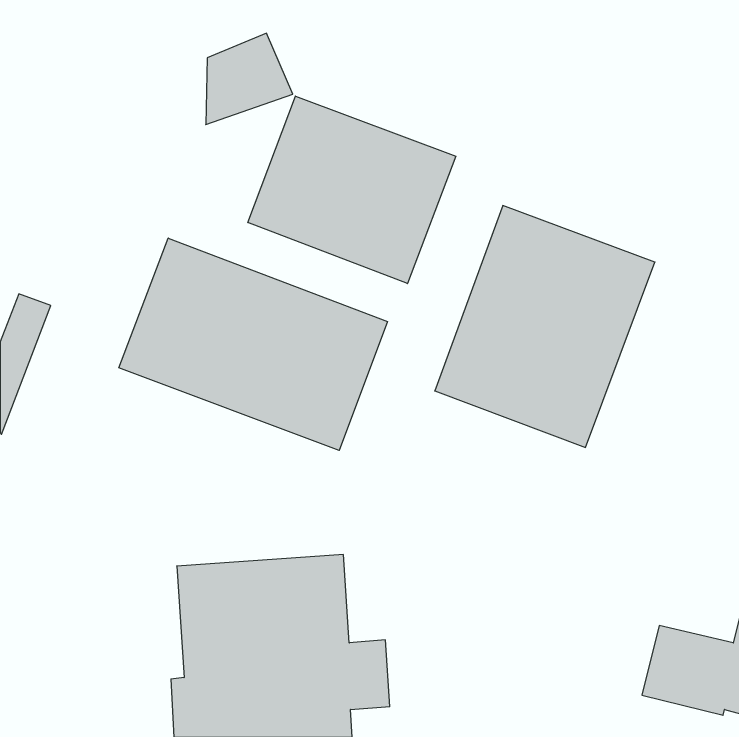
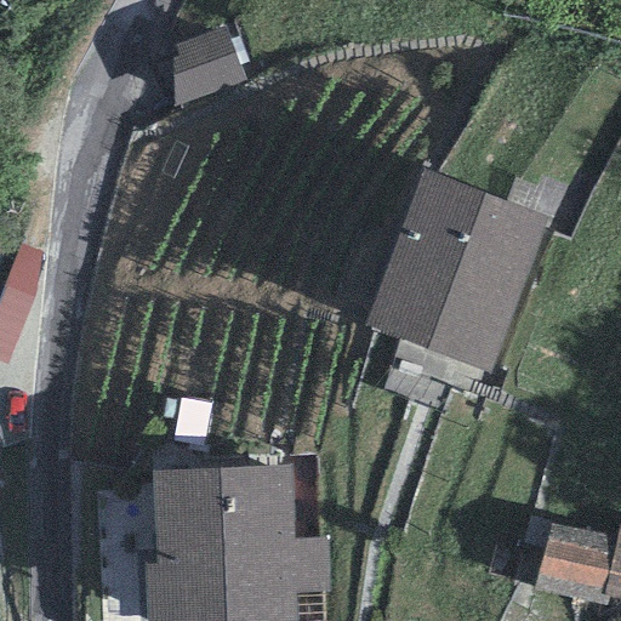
building: [248,96,456,284] -> none
building: [119,238,388,450] -> none

